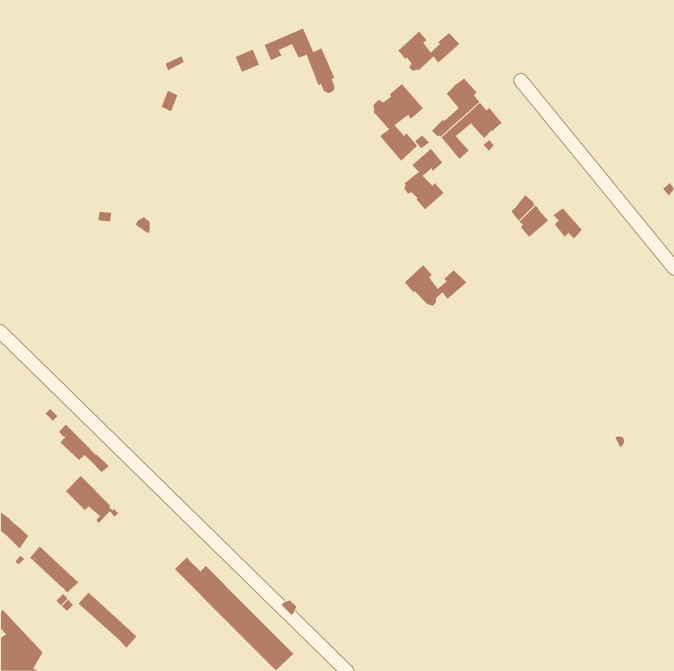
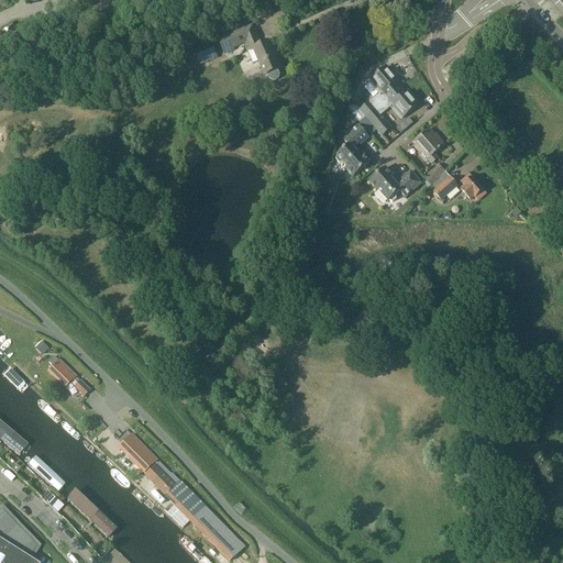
building: [397,31,460,71] -> none
building: [372,83,424,161] -> none
building: none -> [399,126,444,162]
building: [404,264,467,306] -> [369,165,422,200]
building: [65,475,119,524] -> [119,432,164,473]

